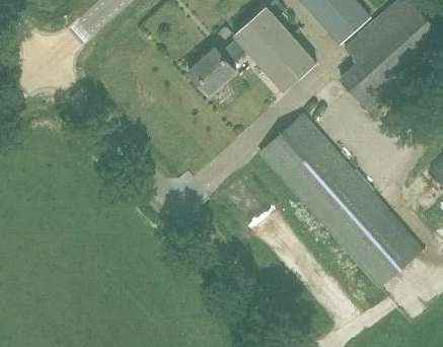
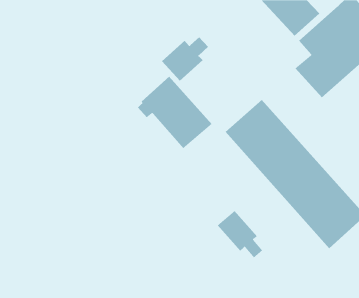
building: [230,6,316,90] -> [137,76,212,149]
building: none -> [217,210,263,258]

